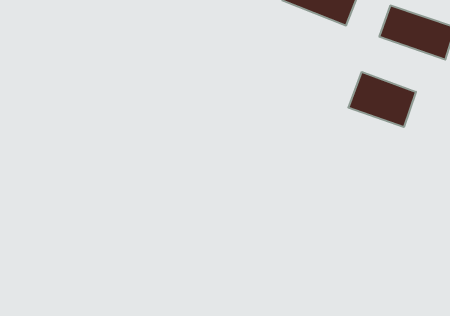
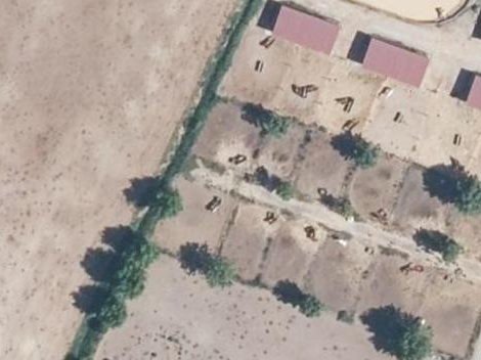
building: [348,72,416,127] -> none

